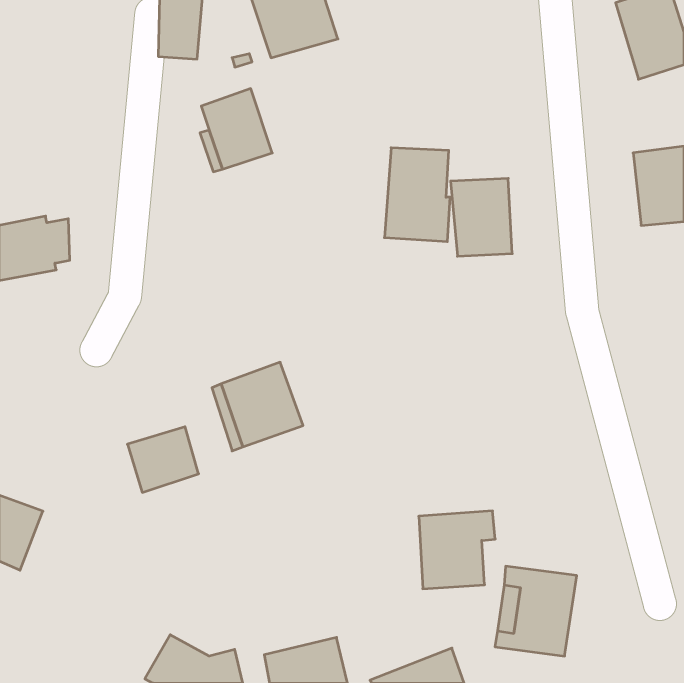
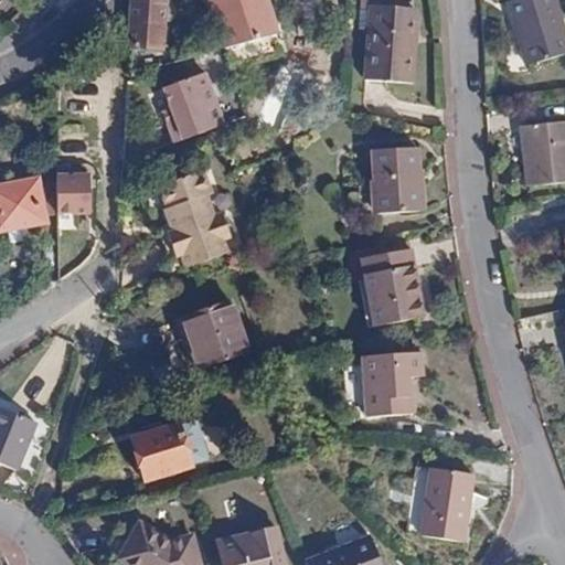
building: [384,148,450,242] -> [363,4,417,82]
building: none -> [159,171,230,267]
building: none -> [60,174,95,213]
building: none -> [363,248,424,323]
building: [127,427,199,492] -> [132,424,191,478]
building: [419,511,495,589] -> [362,351,425,415]

